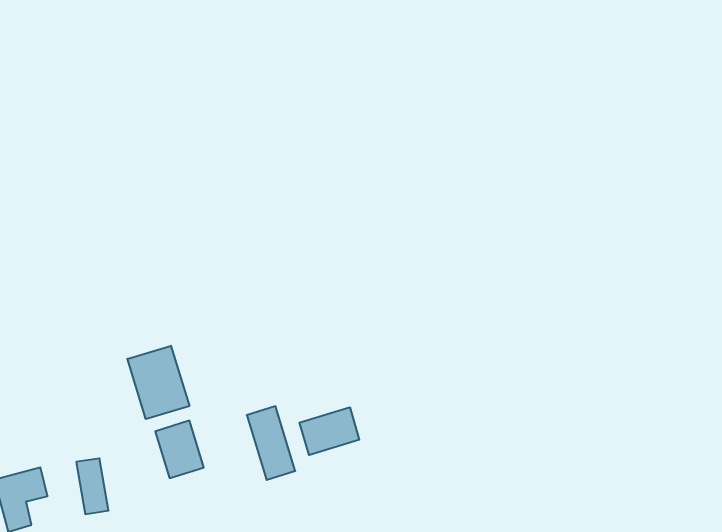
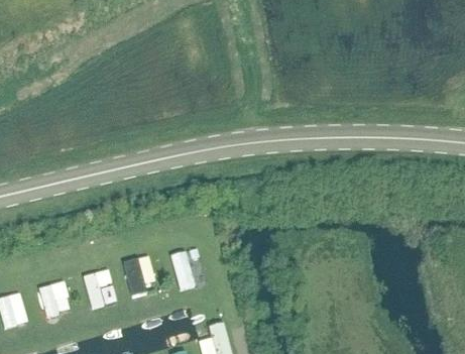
building: [127,346,189,419] -> none
building: [299,407,359,455] -> none

